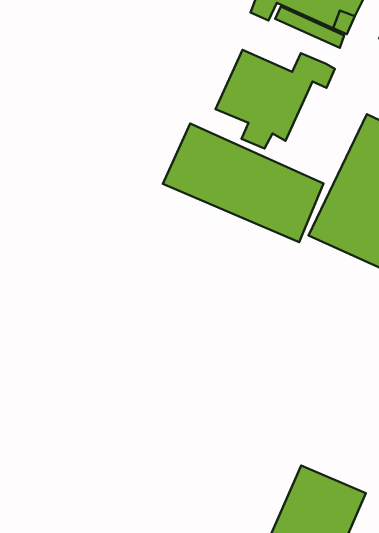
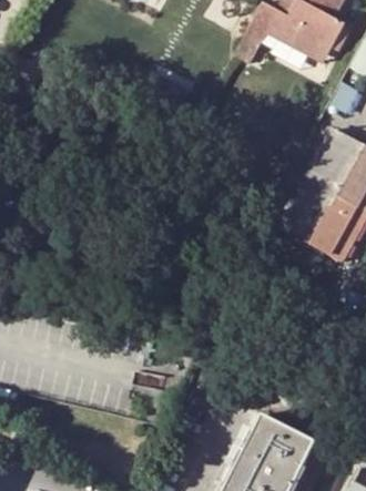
building: [216,50,335,149] -> none
building: [163,123,323,242] -> none

